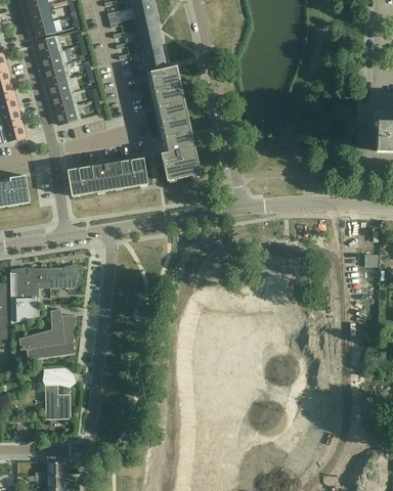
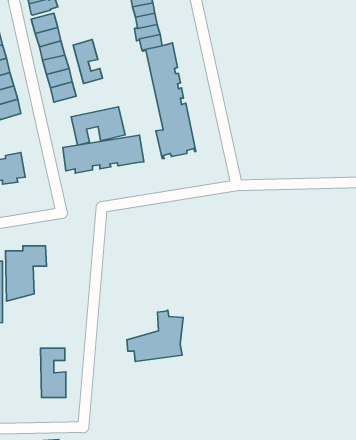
building: none -> [73,40,102,84]
building: none -> [71,107,125,145]
building: [49,266,76,287] -> none
building: [18,308,75,359] -> [127,310,183,361]

